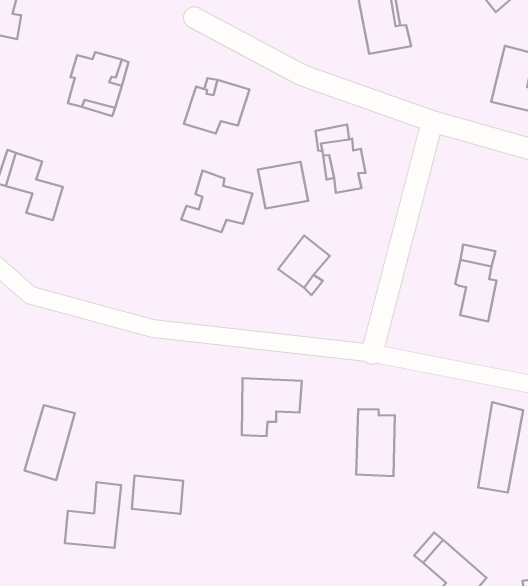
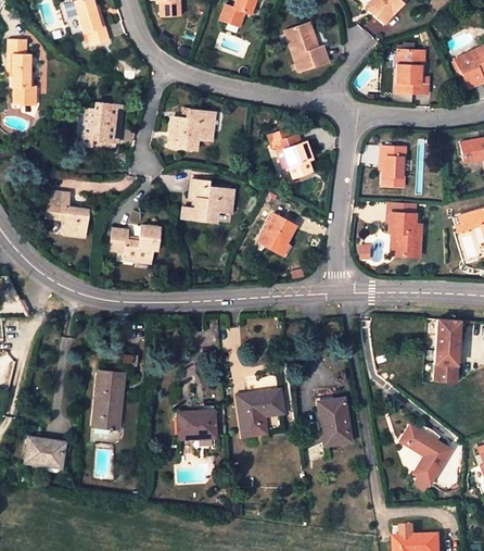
building: [258,162,308,209] -> none
building: none -> [382,147,407,187]
building: none -> [113,224,160,262]
building: [242,378,302,436] -> [234,390,281,438]
building: [356,409,395,476] -> [315,396,349,447]
building: [65,482,121,548] -> none

